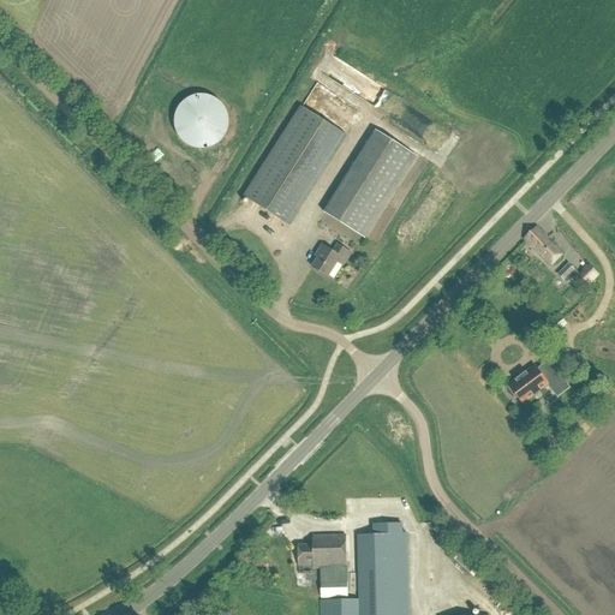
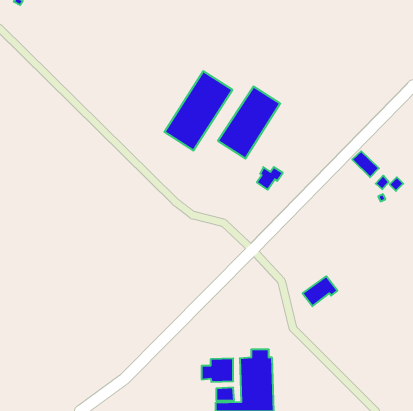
building: [173,92,227,147] -> none
building: [310,243,348,276] -> [257,167,283,190]
building: [509,356,561,400] -> [303,276,337,306]

